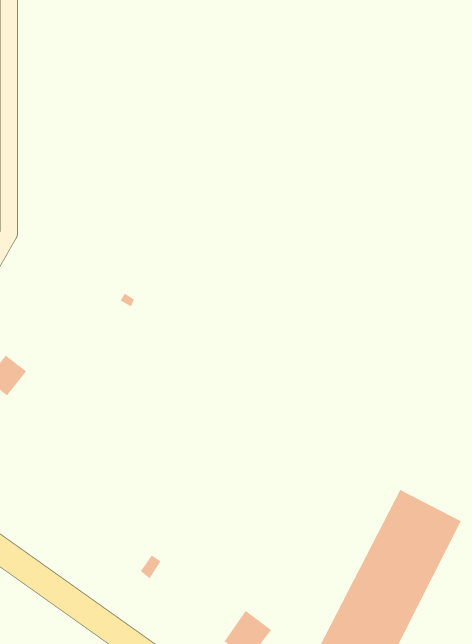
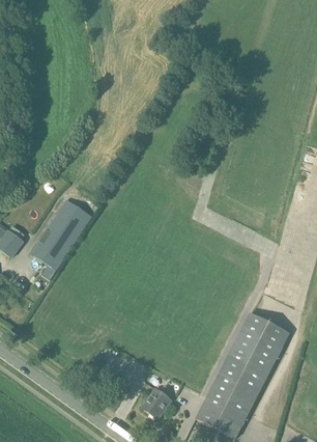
building: none -> [30,199,91,270]

